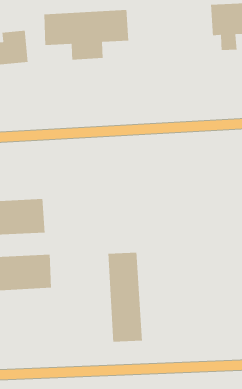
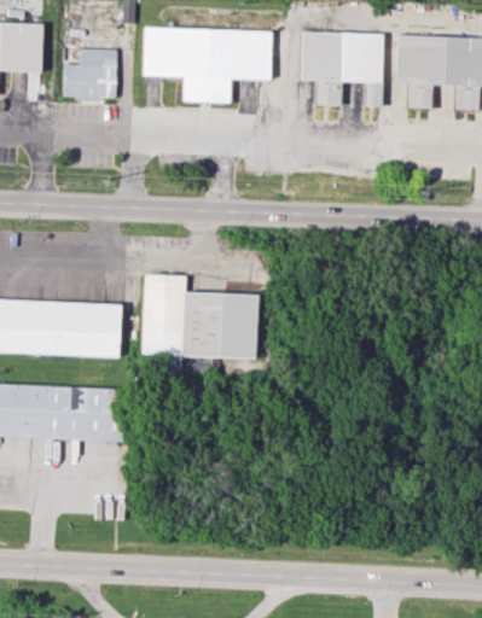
building: none -> [302,33,383,106]
building: none -> [143,275,257,358]
building: [108,252,143,342] -> none

